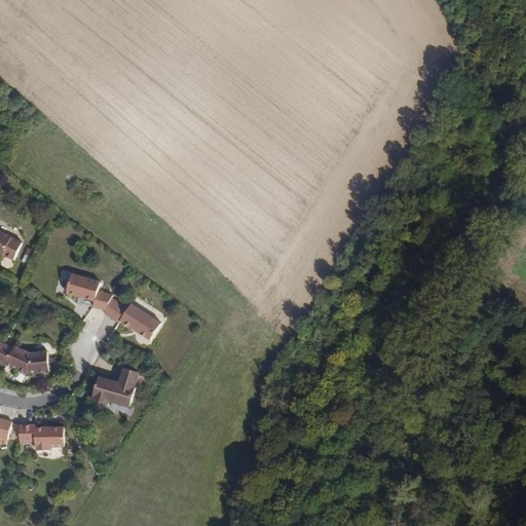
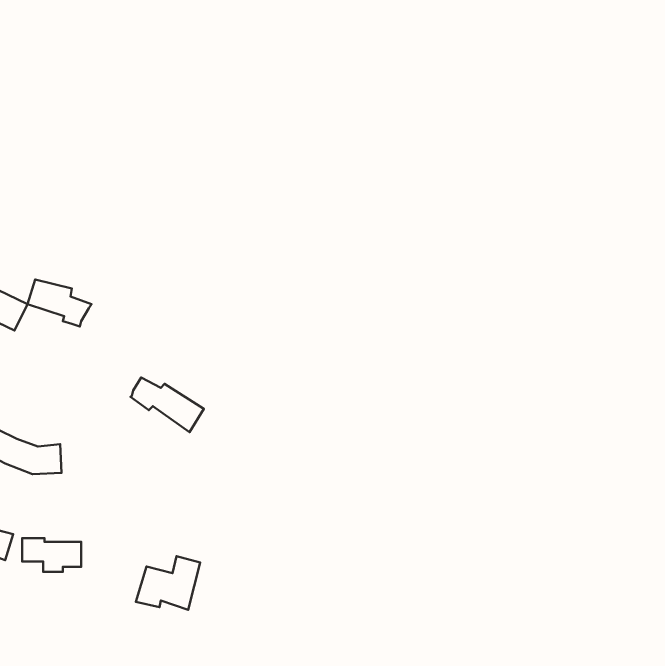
building: [63,274,113,311] -> [27,279,91,326]
building: [89,364,140,406] -> [136,556,200,610]

